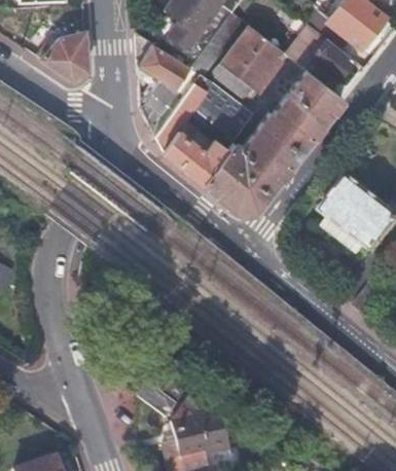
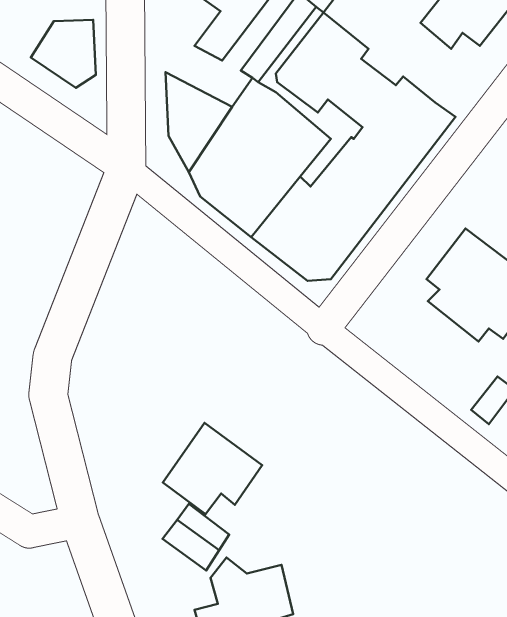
building: [286,23,353,87] -> none
building: [135,35,200,90] -> none
building: none -> [163,423,262,514]

